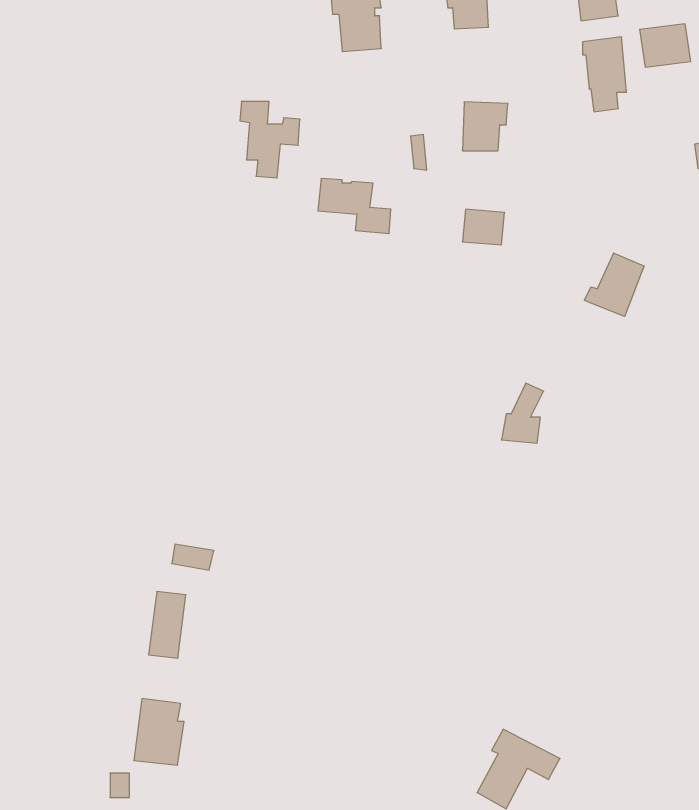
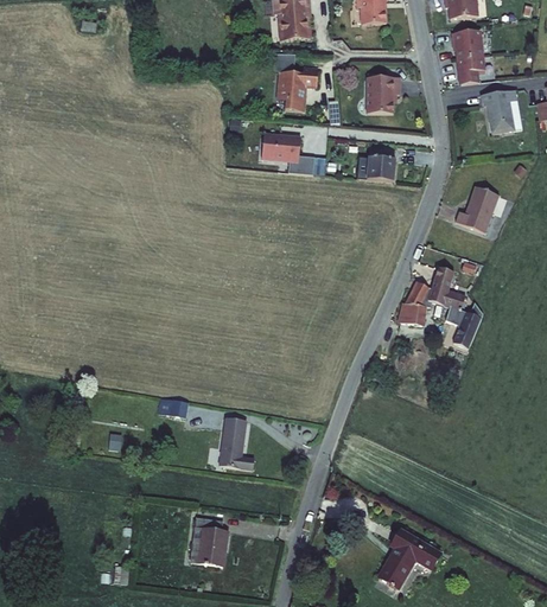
building: [640,24,690,67] -> none
building: [240,101,300,178] -> [272,55,316,110]
building: none -> [479,95,517,132]
building: none -> [426,269,482,351]
building: [149,592,186,658] -> [218,418,246,467]
building: [134,699,184,765] -> [190,517,227,566]

